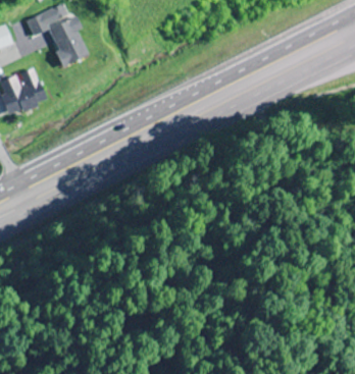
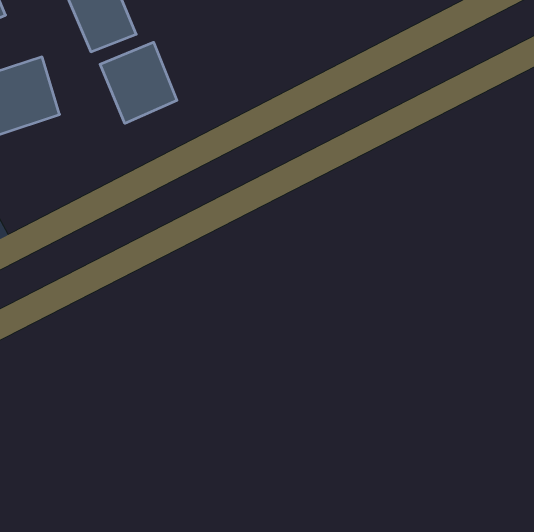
building: none -> [100,42,177,123]

